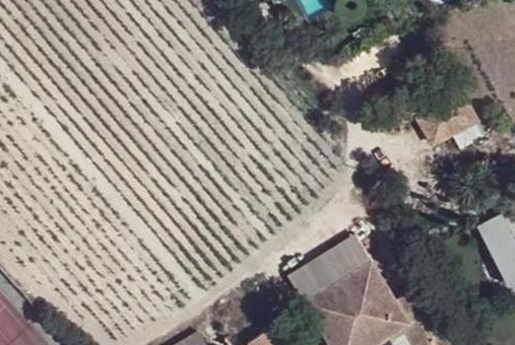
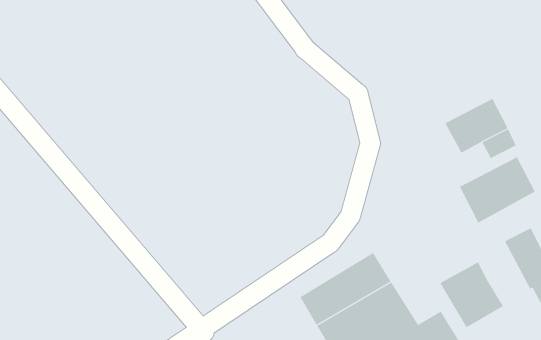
building: none -> [459,157,536,224]
building: none -> [440,261,504,328]

